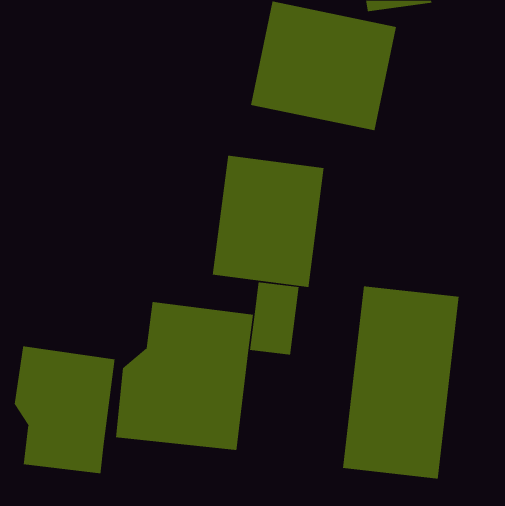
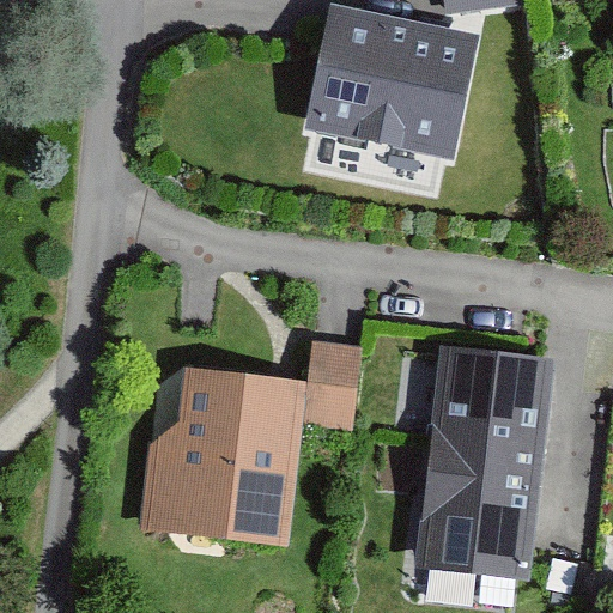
building: [212,155,324,288] -> none
building: [14,346,115,474] -> none

